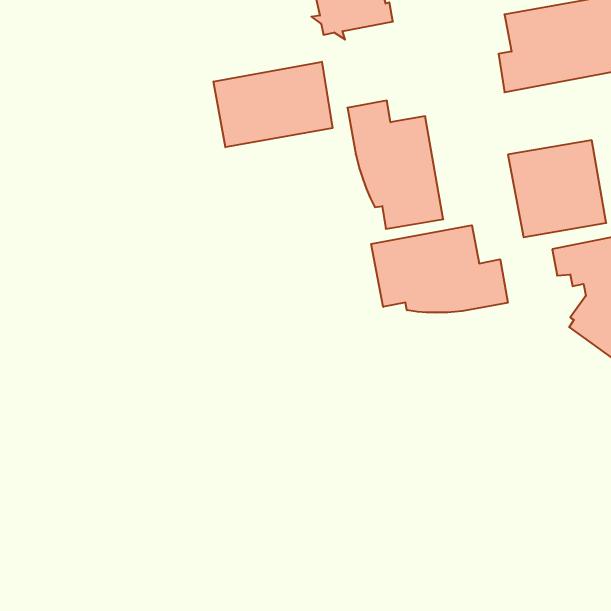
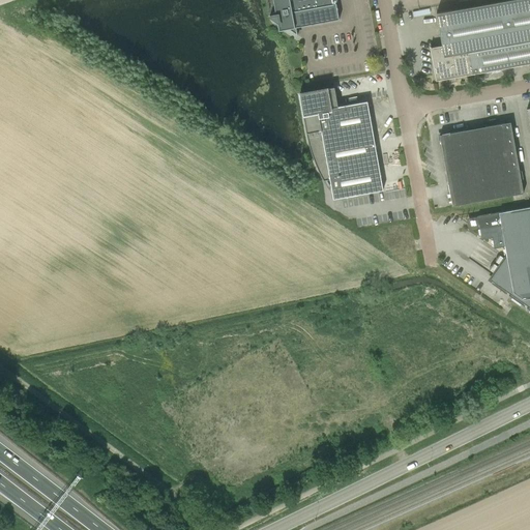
building: [214,62,332,147] -> none
building: [371,225,508,313] -> none

